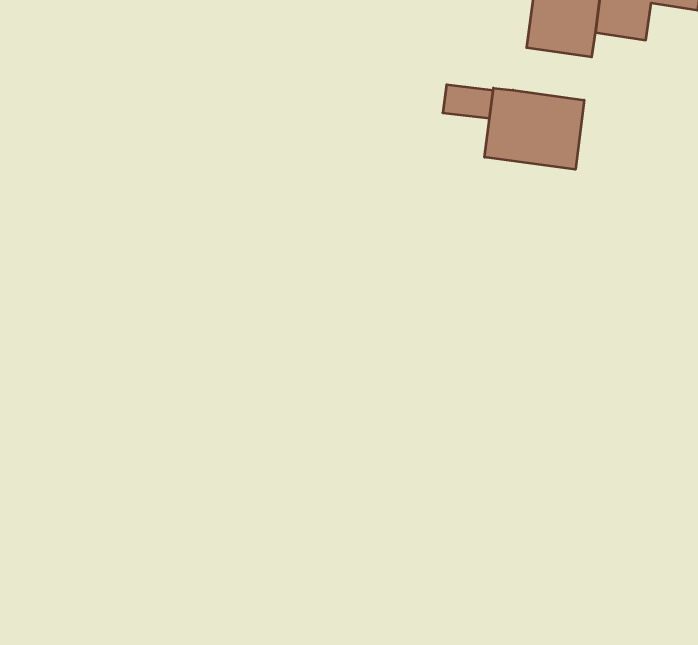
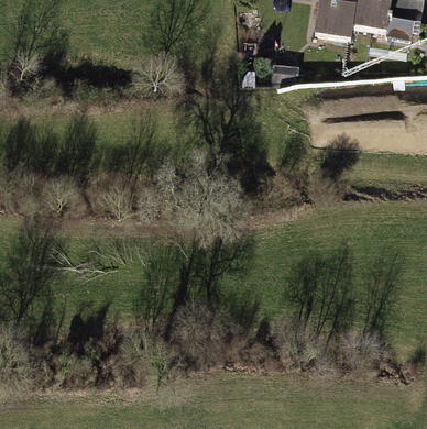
building: [485,88,584,169] -> none

